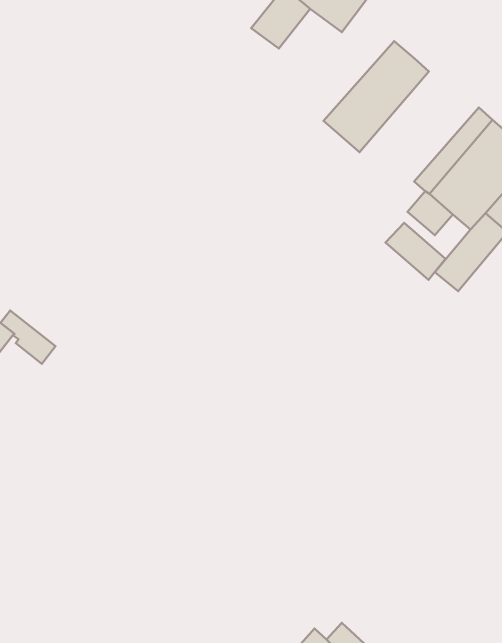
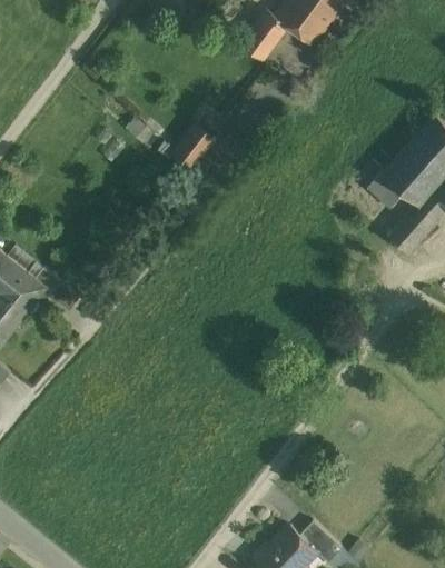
building: [323,41,429,152] -> none
building: none -> [170,122,215,171]
building: [386,223,446,280] -> none

